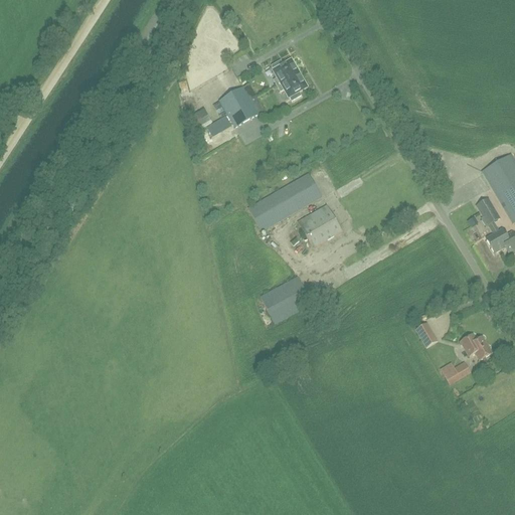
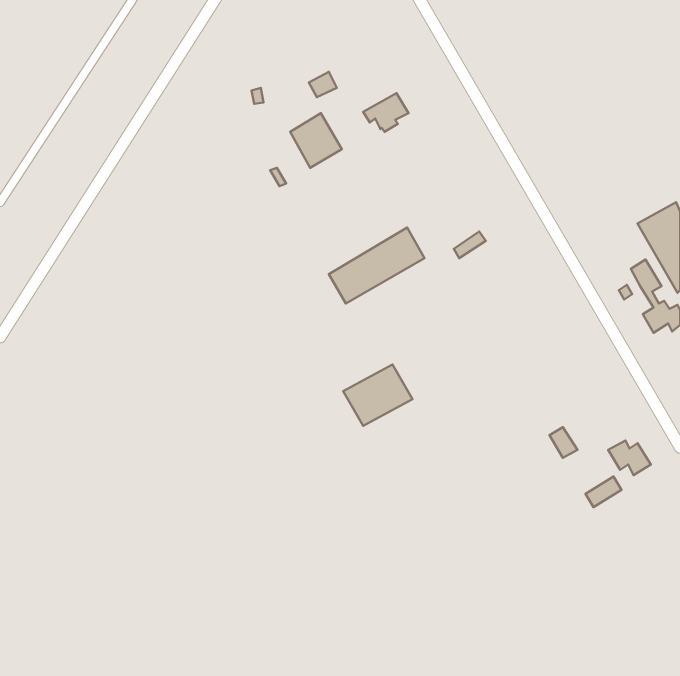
building: [271,55,300,84] -> none
building: [298,203,341,246] -> none

